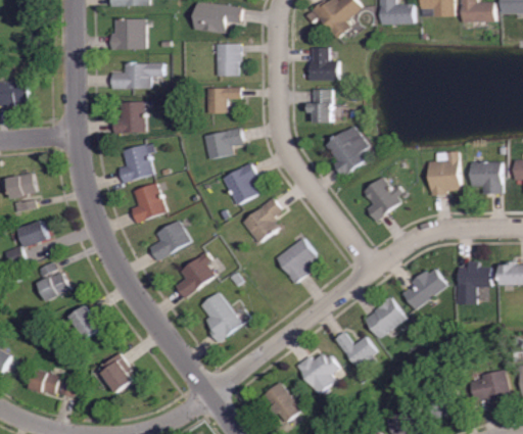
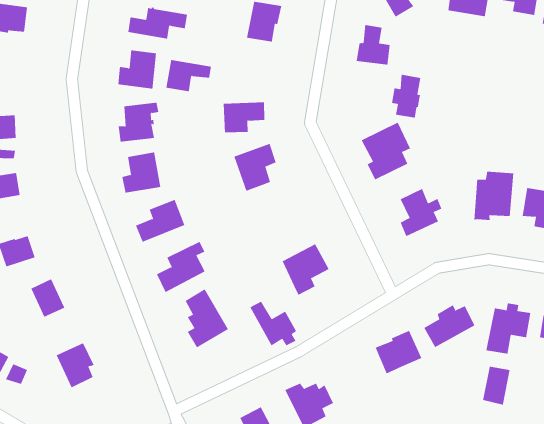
building: [207,88,243,112] -> [166,59,212,92]
building: [310,89,333,124] -> [391,74,421,118]
building: [241,199,280,244] -> none
building: none -> [482,366,510,405]
building: [334,331,378,368] -> [249,301,297,346]

